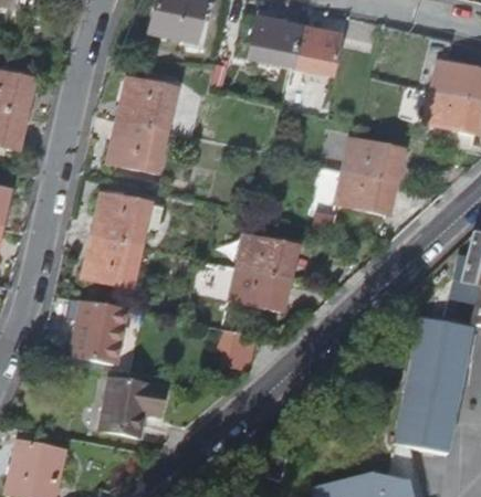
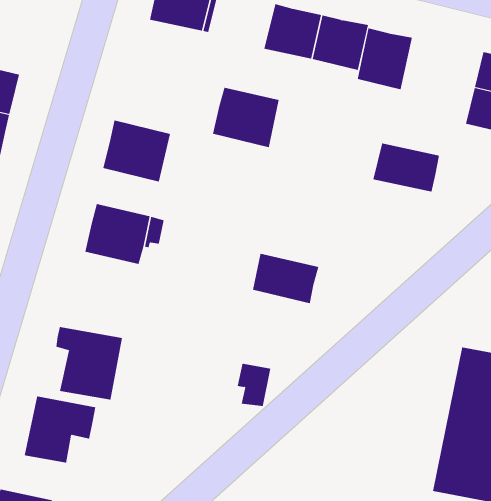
building: none -> [357,28,412,90]
building: [117,78,176,131] -> [212,87,280,148]
building: [335,171,395,214] -> none
building: [83,234,139,288] -> none
building: [230,267,289,311] -> none
building: [97,378,160,436] -> [24,396,96,463]

